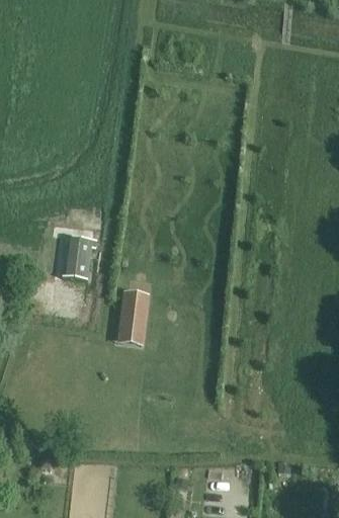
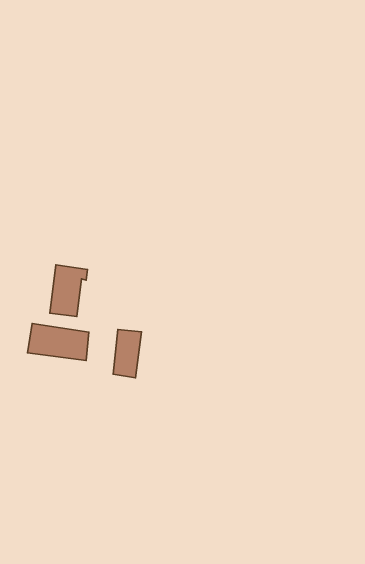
building: none -> [27,323,89,361]

